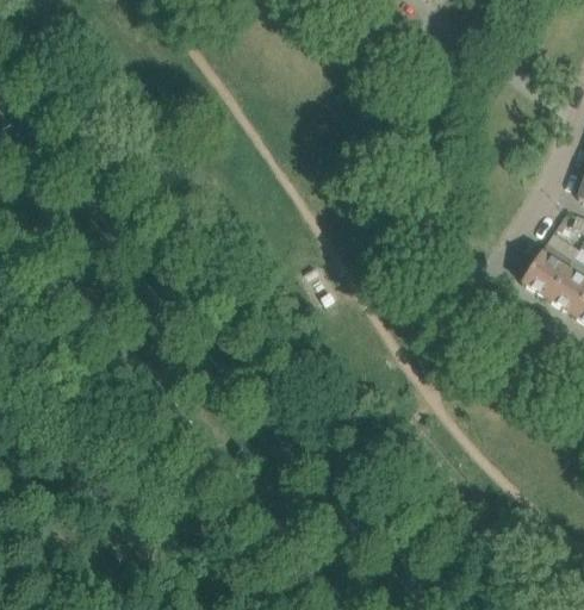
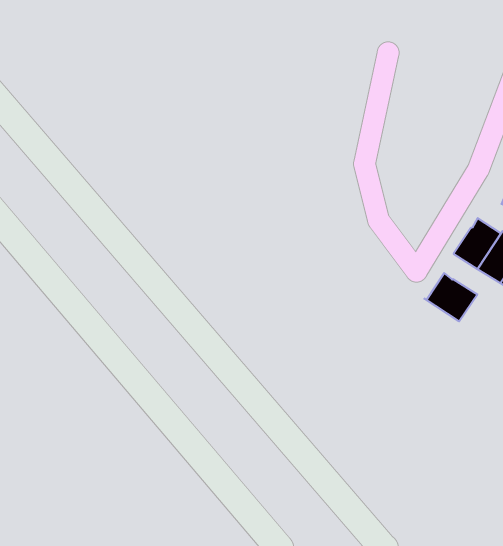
building: none -> [424,273,477,321]

